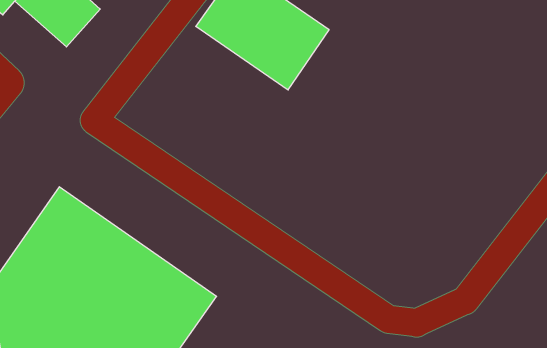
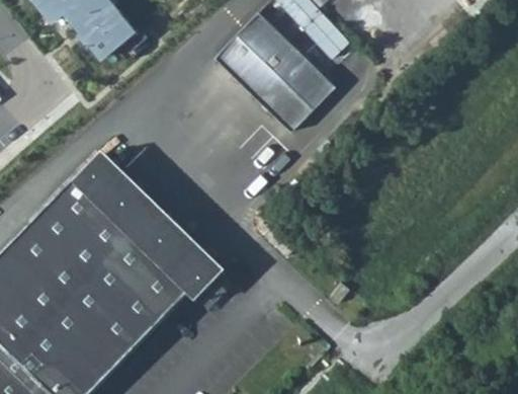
building: none -> [74,143,235,302]

